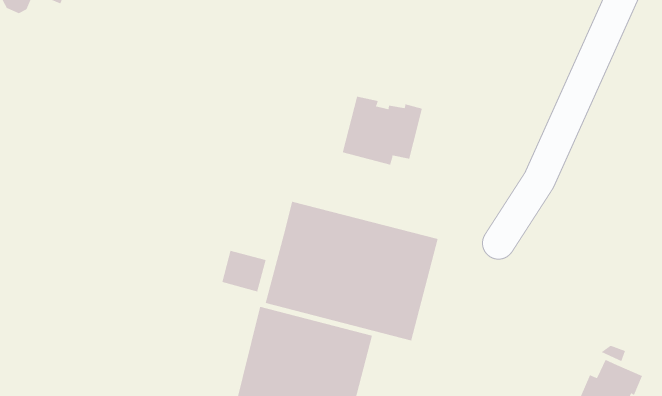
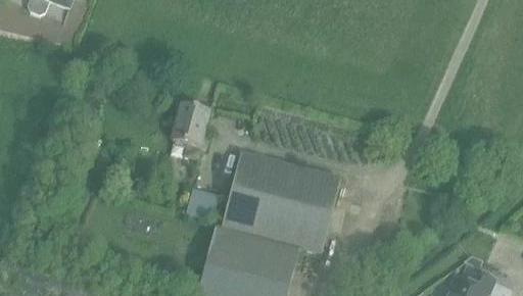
building: [342,96,423,165] -> none
building: none -> [167,104,209,164]

